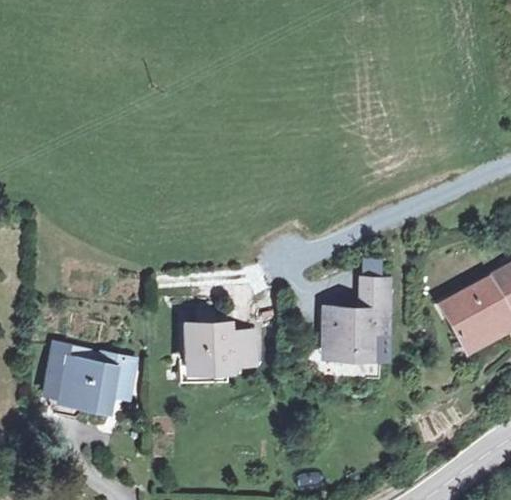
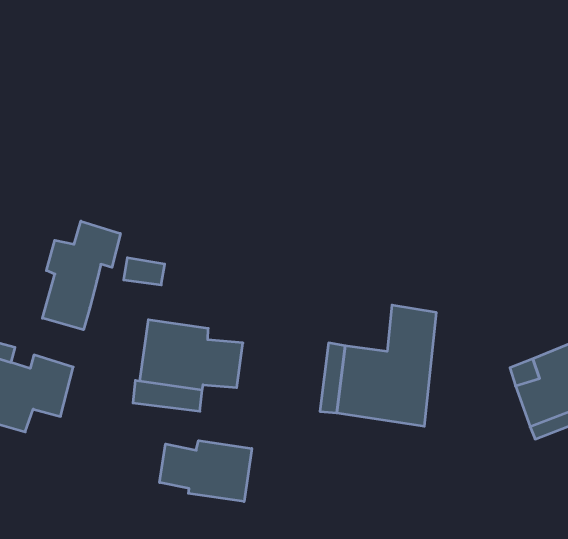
building: none -> [42,221,120,330]
building: none -> [160,441,252,502]

